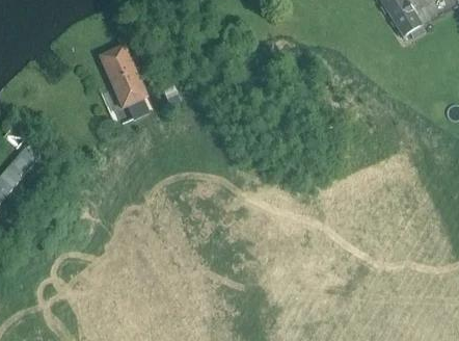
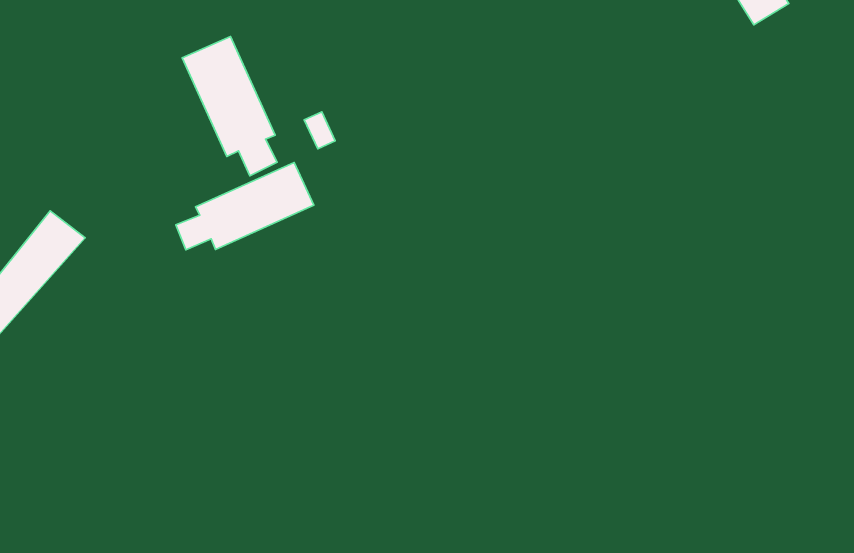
building: none -> [176,162,314,250]

